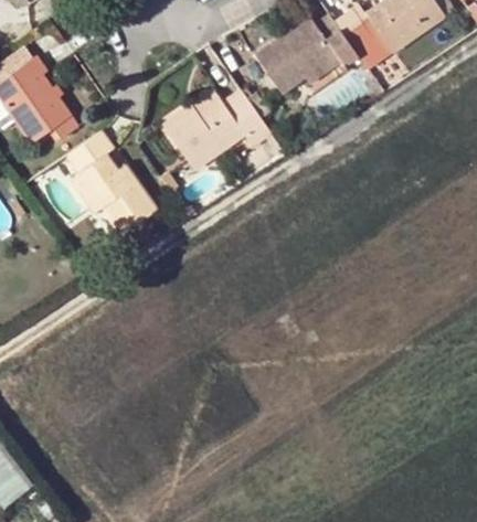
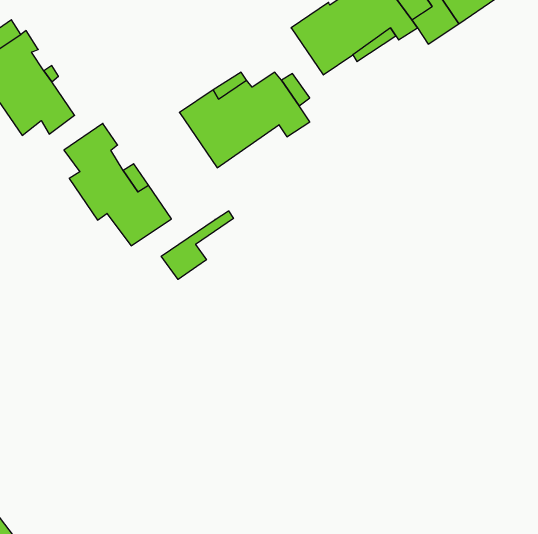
building: none -> [161,211,233,279]

